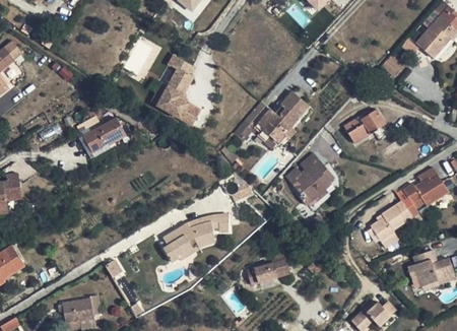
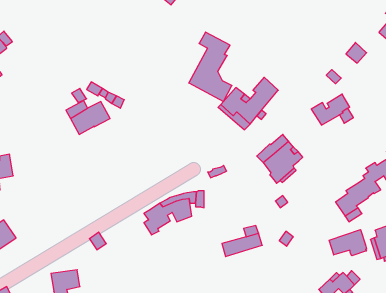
building: [154,52,201,127] -> [189,32,232,102]
building: none -> [329,230,367,256]

